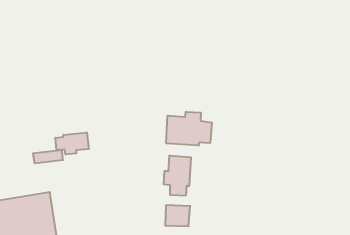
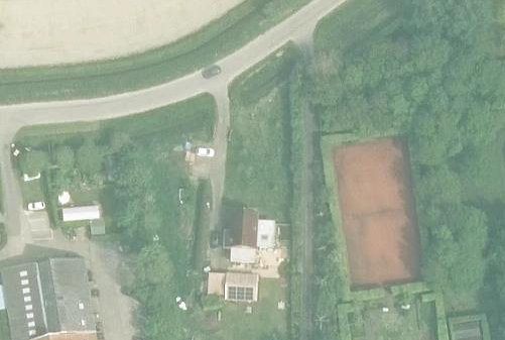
building: [166,112,212,146] -> none
building: [55,132,89,155] -> none

